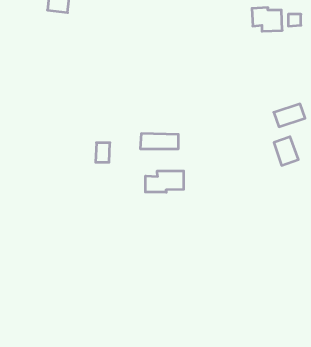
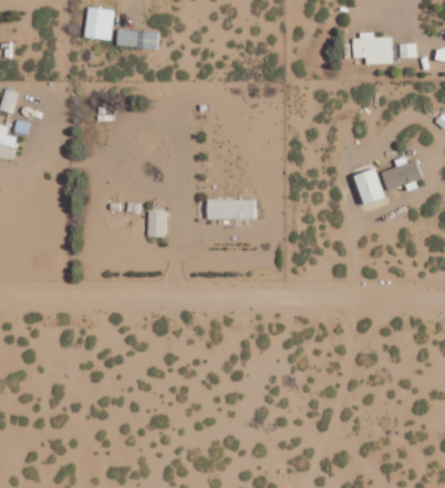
building: none -> [116,29,158,48]
building: [274,137,298,165] -> [353,167,385,205]
building: [145,171,184,192] -> none

